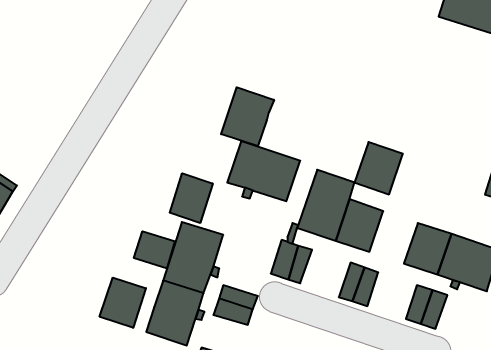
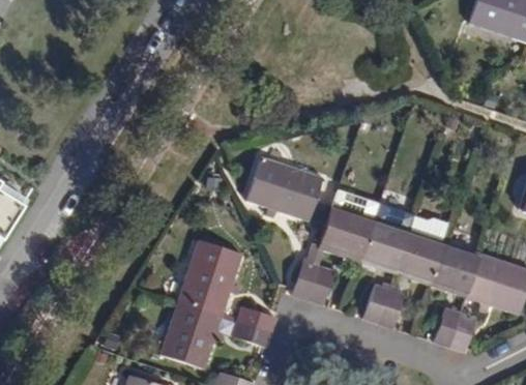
building: [221,87,274,146] -> none
building: [355,142,403,194] -> [394,228,445,283]
building: [170,173,213,223] -> none
building: [134,231,175,269] -> none
building: [100,278,146,328] -> none

